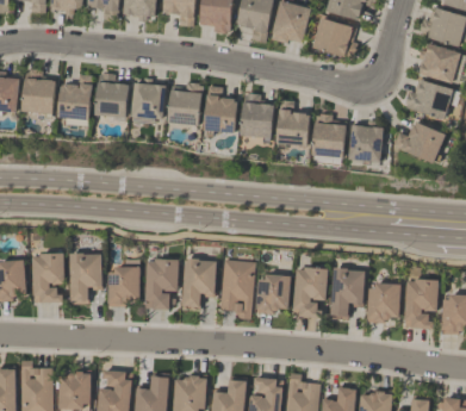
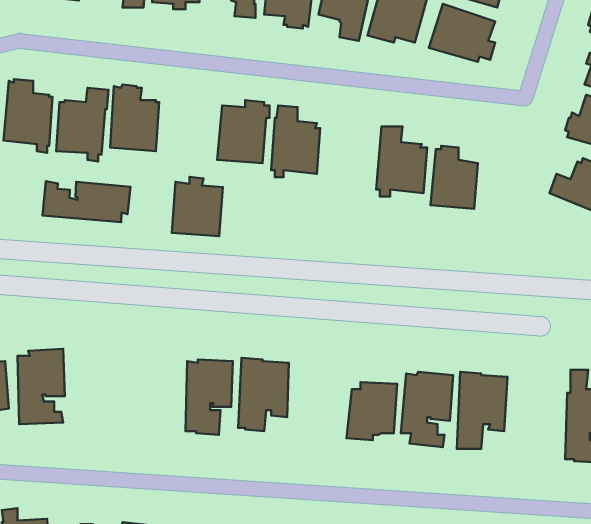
building: [131,77,166,118] -> [172,177,223,236]
building: [240,93,274,137] -> none
building: [348,120,383,161] -> none
building: none -> [42,181,131,222]
building: [69,253,101,303] -> none
building: [219,260,255,319] -> none
building: [107,266,138,306] -> none
building: [366,282,400,323] -> none

